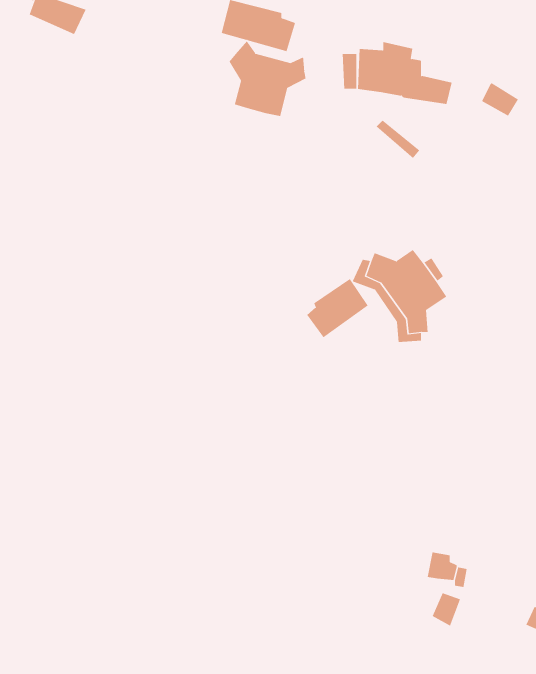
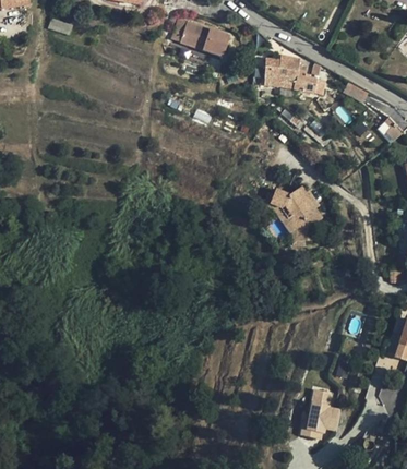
building: [229,40,306,117] -> none
building: [306,278,369,338] -> none

